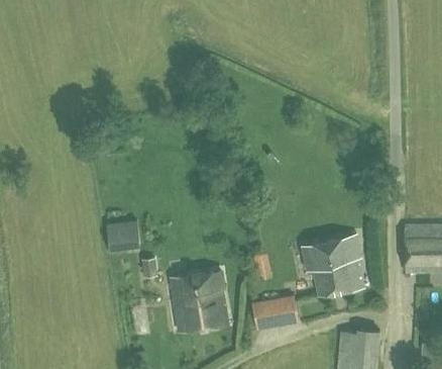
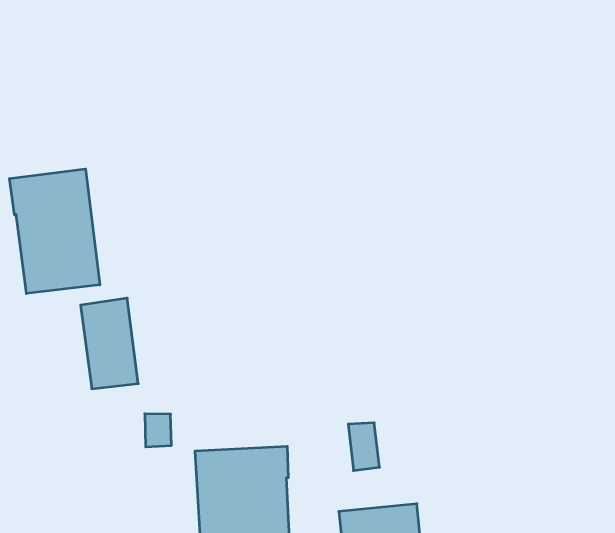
building: none -> [9,169,100,294]
building: [301,235,365,296] -> none

